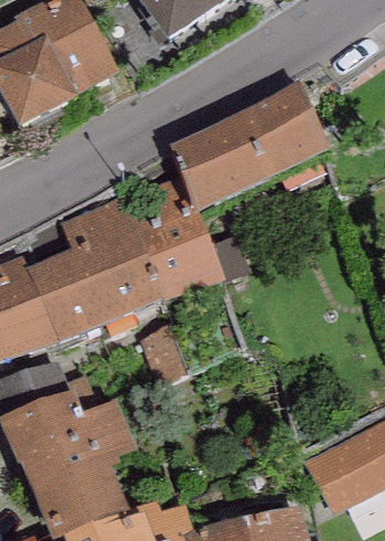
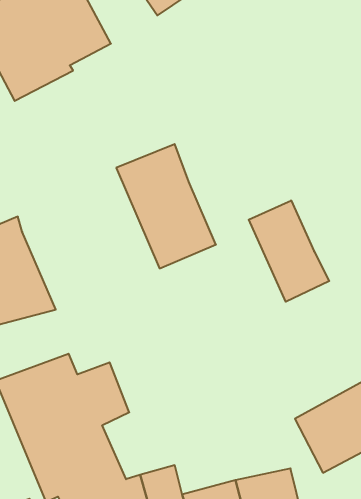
building: [172,82,332,215] -> none
building: [26,197,167,346] -> none
building: none -> [249,200,329,302]

